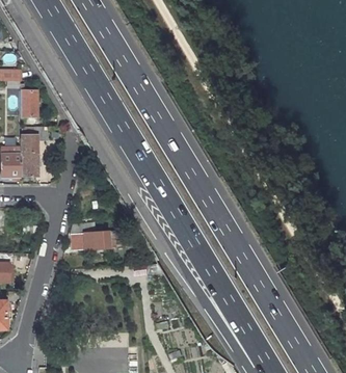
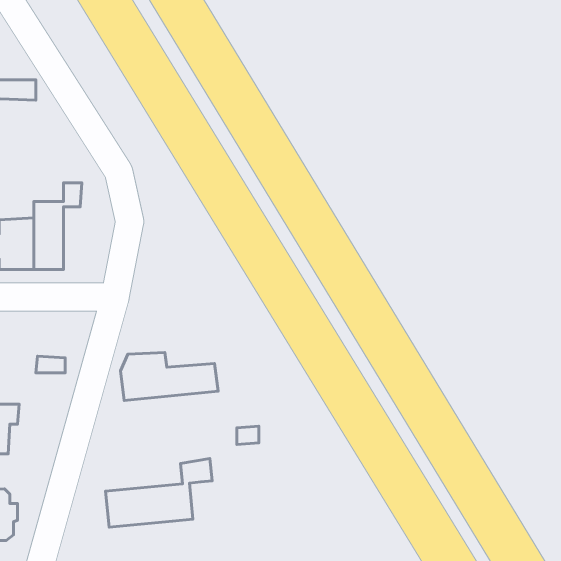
building: [20,84,37,117] -> none
building: none -> [106,458,212,527]

